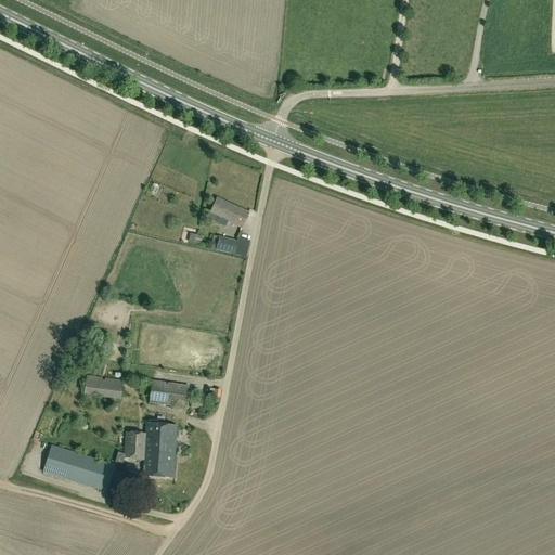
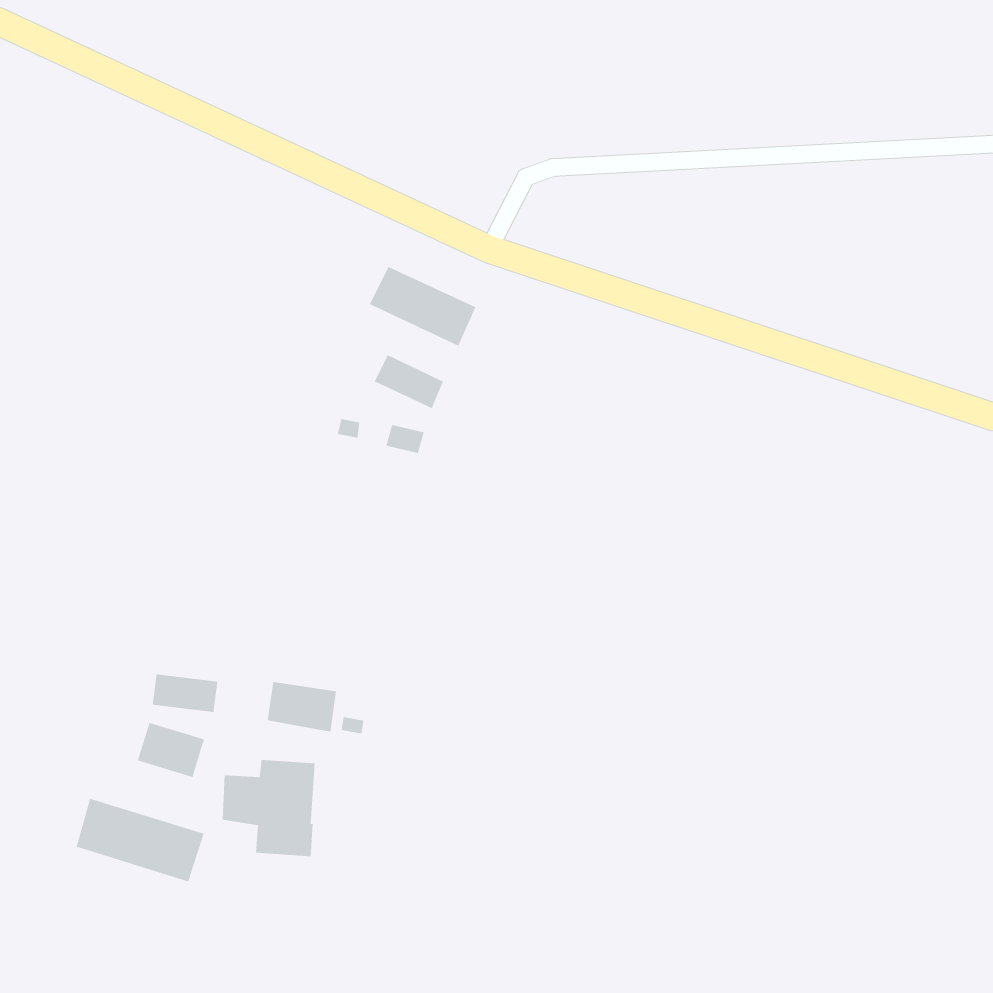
building: none -> [369,266,476,346]
building: none -> [137,722,205,778]

